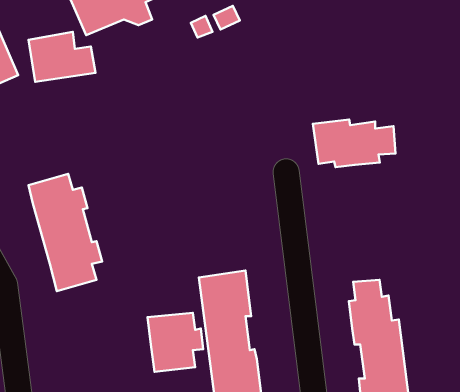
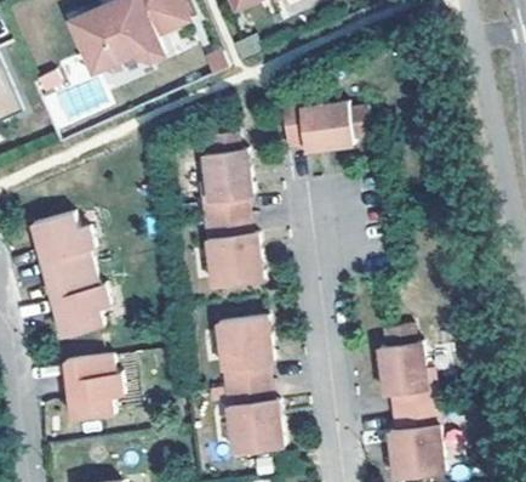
building: none -> [198,135,261,288]
building: [313,119,396,167] -> [278,101,366,152]
building: [148,313,203,372] -> [67,357,126,420]

